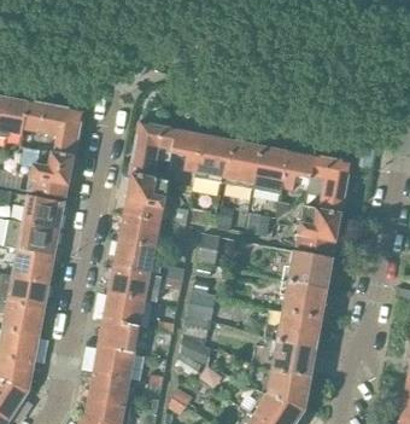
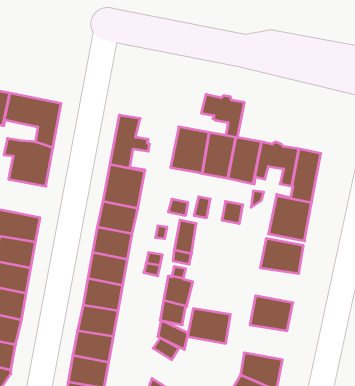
building: [158,127,203,172] -> [201,94,244,138]
building: [23,194,65,230] -> none
building: [282,281,327,318] -> none
building: [270,341,315,377] -> [187,309,230,343]

